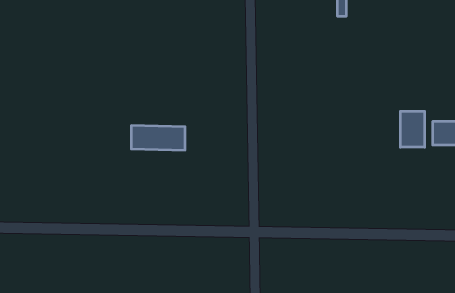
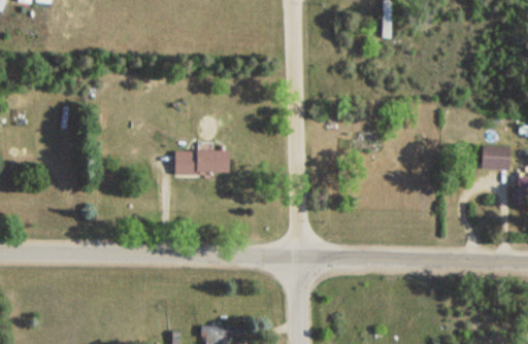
building: [400,111,425,147] -> none

